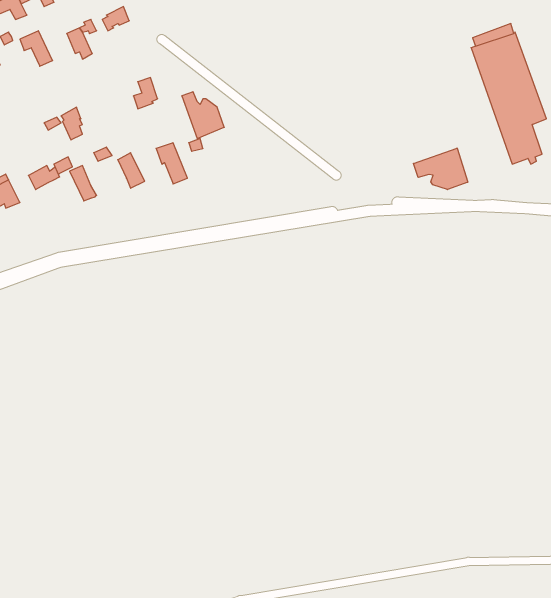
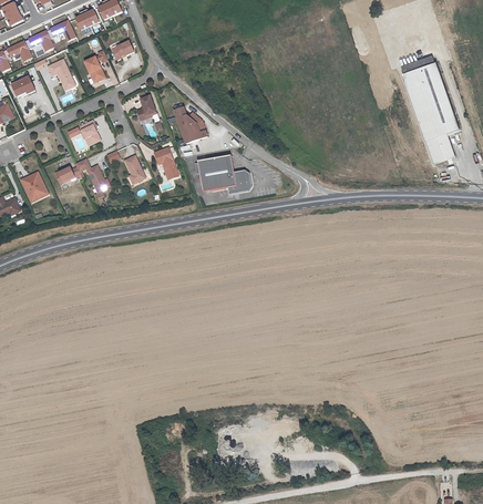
building: [413,148,468,190] -> none
building: none -> [194,155,251,193]

